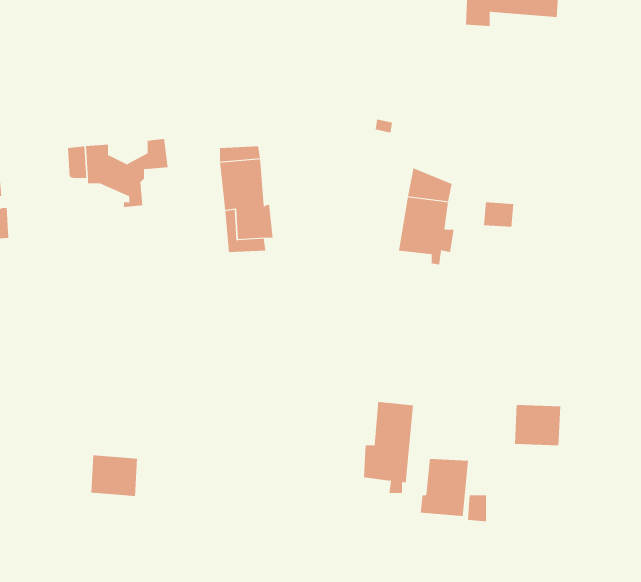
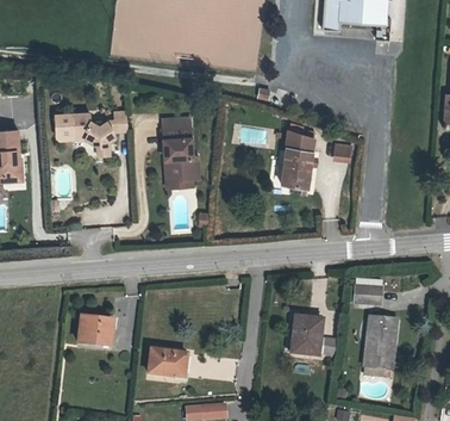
building: [363,401,414,494] -> [364,317,398,378]
building: none -> [151,355,187,382]

